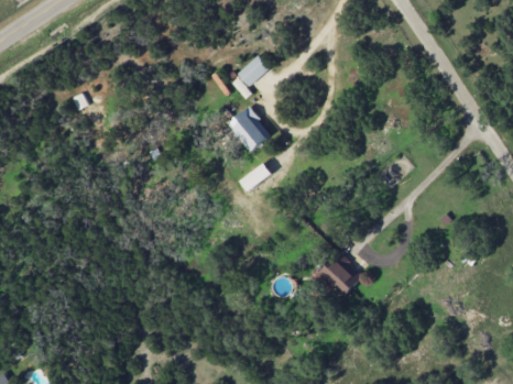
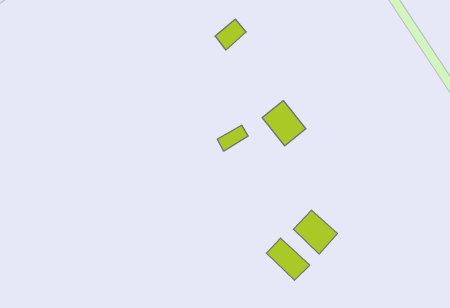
building: [226,108,271,154] -> [262,101,306,146]
building: none -> [266,238,310,280]

